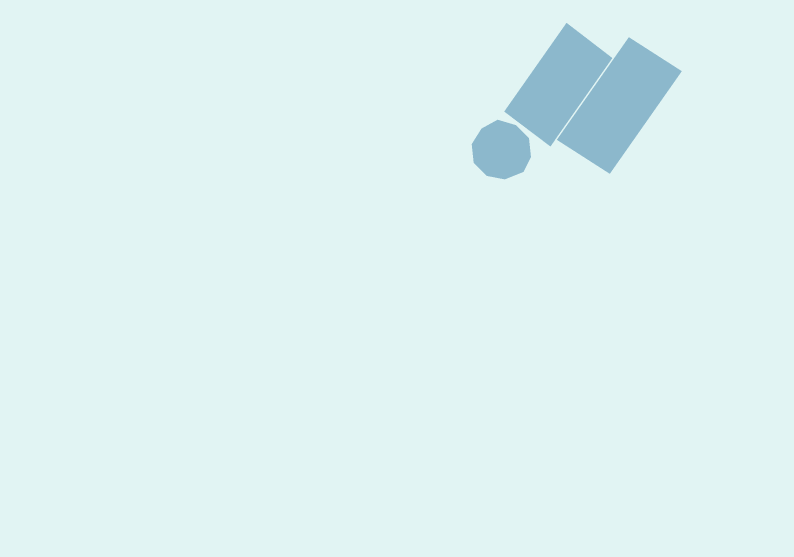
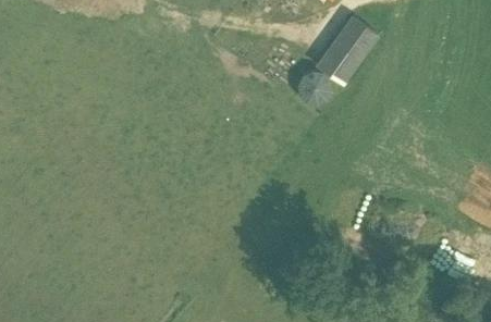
building: [556,36,683,175] -> none

